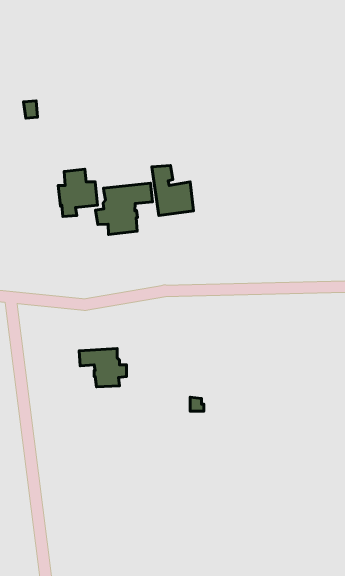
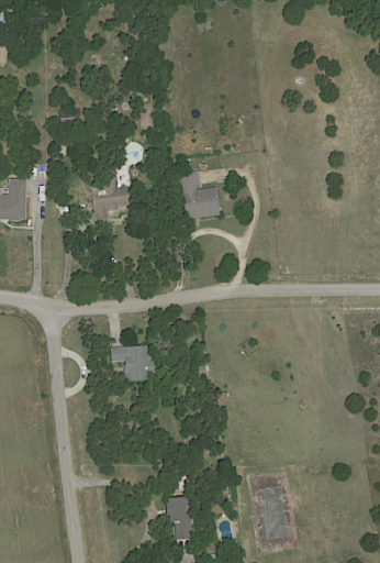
building: [95,183,152,234] -> none
building: none -> [166,497,192,540]

